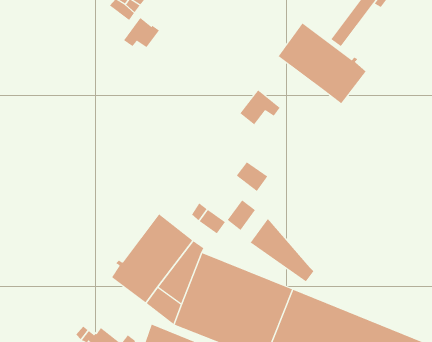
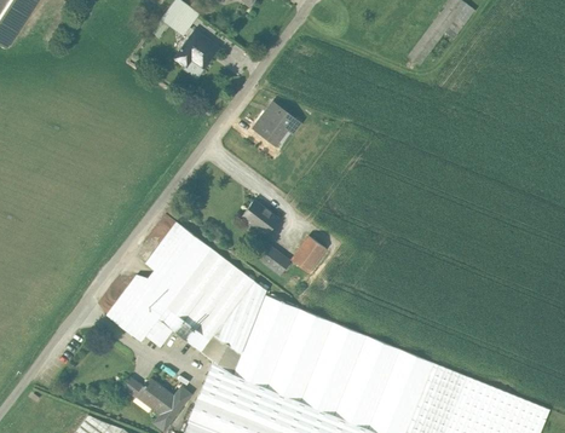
building: [278,22,366,104] -> none
building: [240,89,281,125] -> [253,102,299,142]
building: [236,161,268,192] -> [242,200,278,233]
building: none -> [106,223,212,342]
building: [250,218,314,282] -> none

